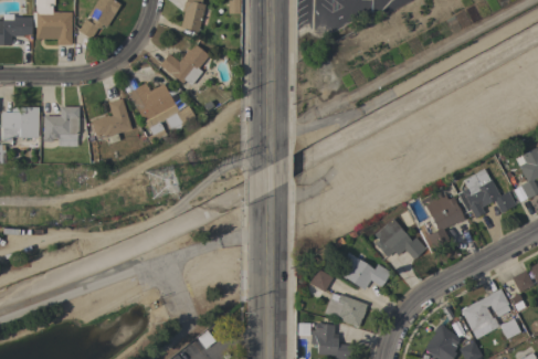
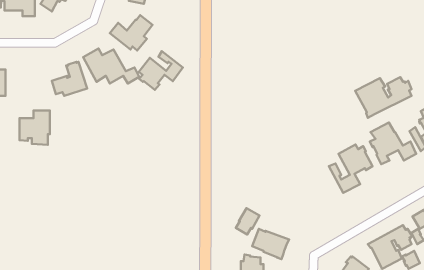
building: none -> [139,51,183,90]
building: [44,107,80,147] -> [19,111,50,145]
building: none -> [355,77,412,118]
building: [373,218,426,260] -> none
building: [336,253,392,291] -> none

